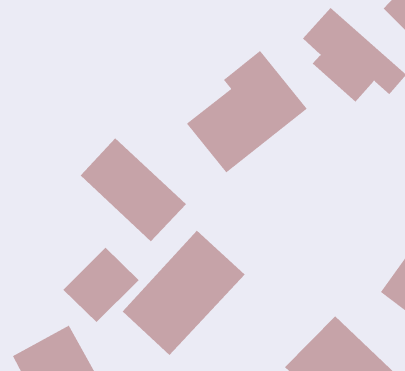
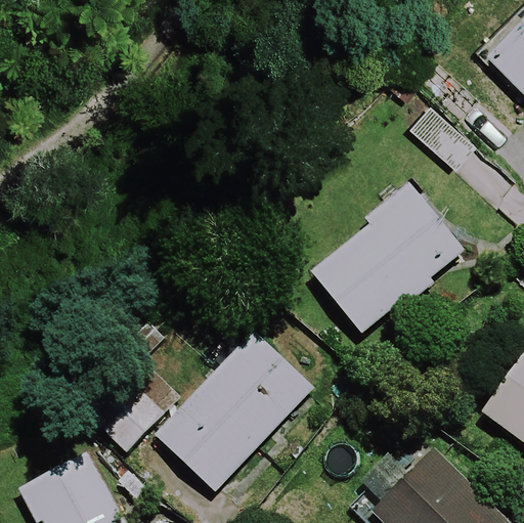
building: [186,50,308,173] -> [310,178,465,335]
building: [80,137,187,242] -> none

